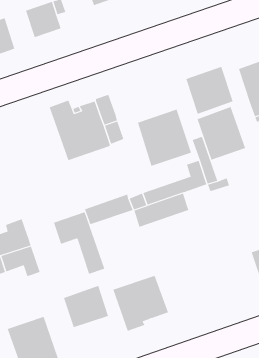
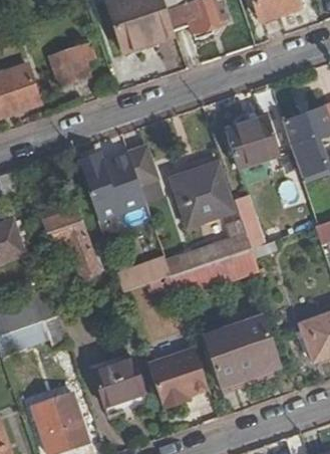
building: [197,106,246,161] -> none
building: [53,211,105,274] -> [41,207,98,276]
building: none -> [206,317,280,387]

